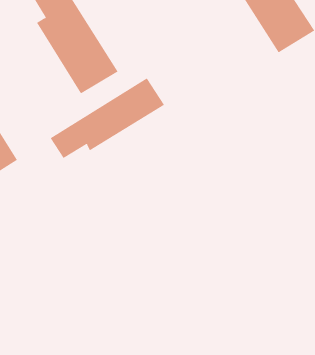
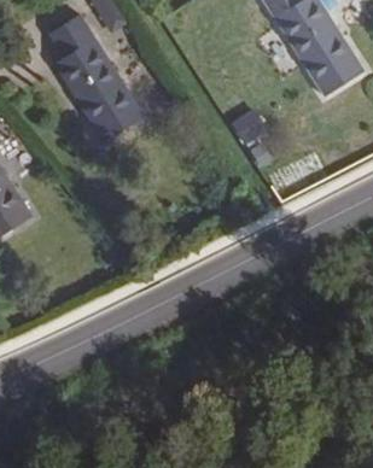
building: [50,77,165,159] -> none

